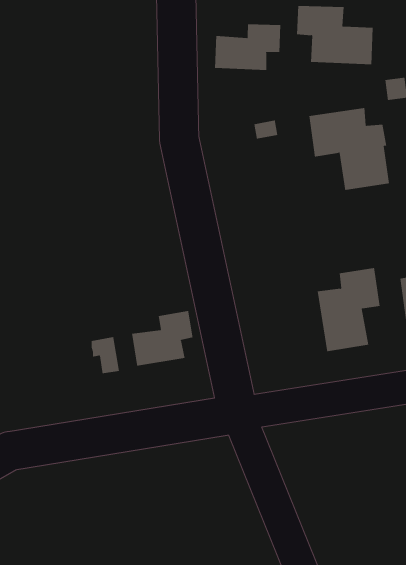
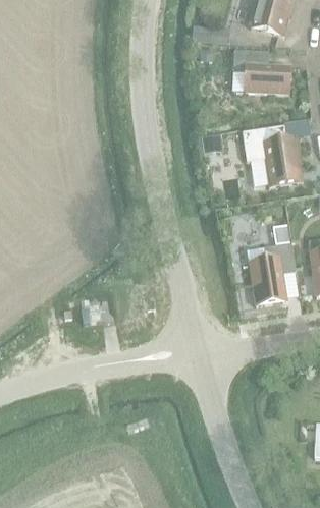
building: [214,24,281,71] -> none
building: [132,310,193,366] -> none

